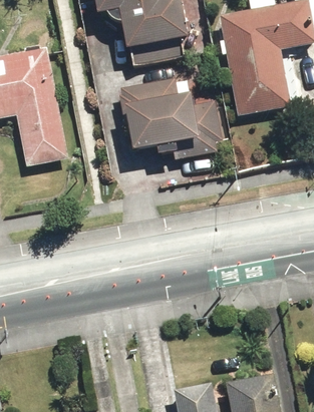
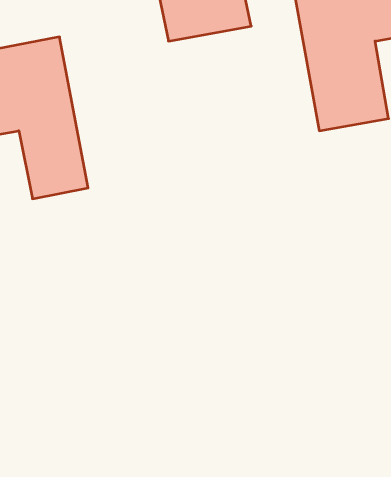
building: [119,79,220,157] -> none

